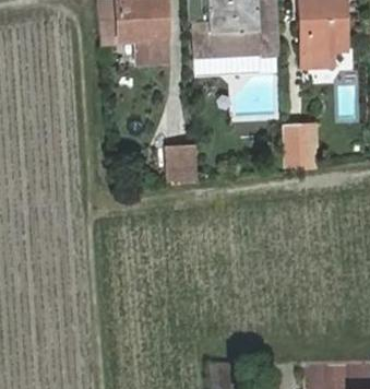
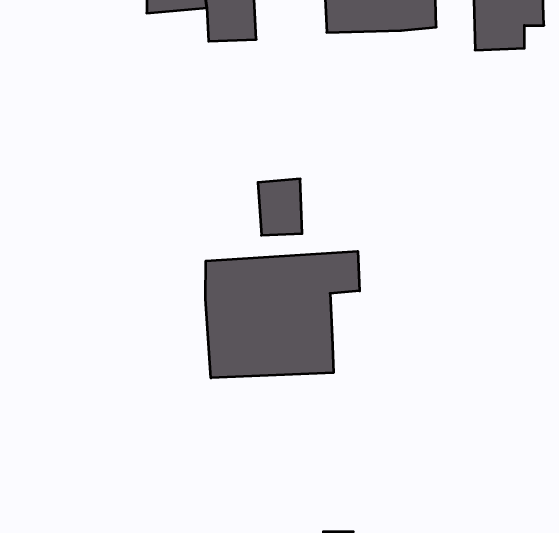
building: [284,123,317,168] -> none
building: none -> [205,251,360,378]

